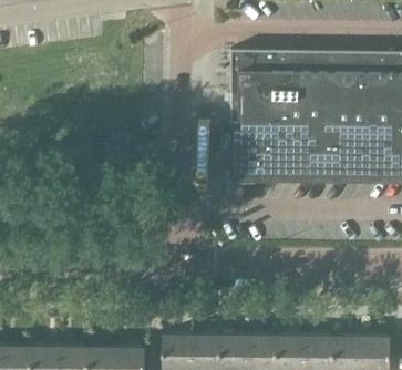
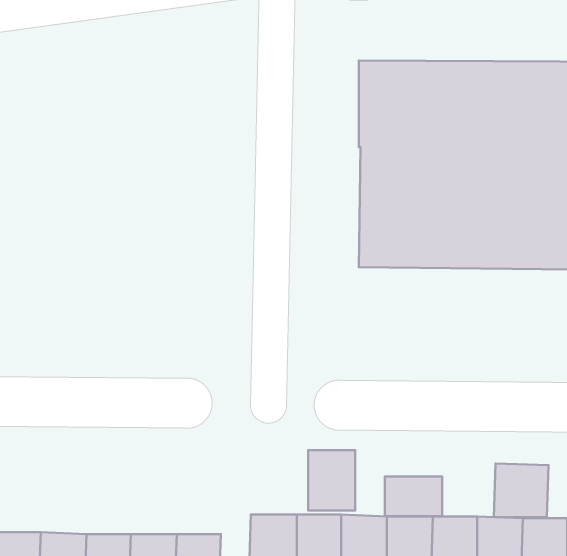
building: none -> [308,450,355,511]
building: none -> [494,464,548,517]
building: none -> [385,477,442,516]

